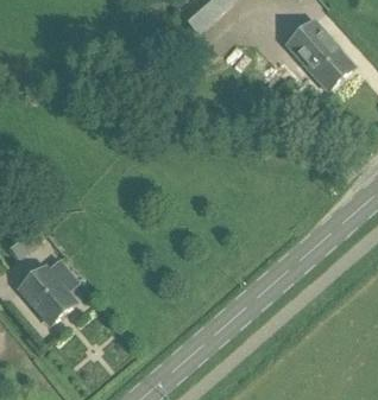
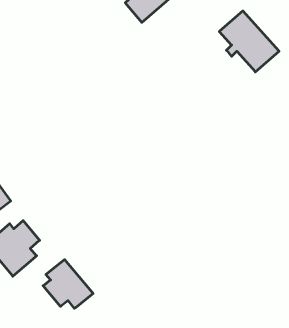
building: none -> [43,260,93,308]

